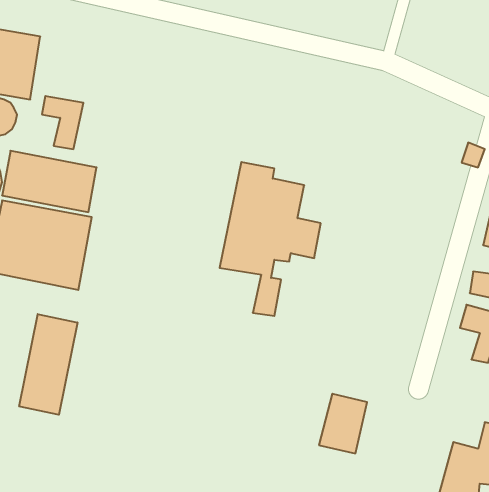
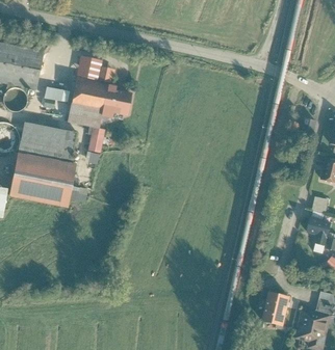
building: [220,162,321,316] -> [67,55,130,152]
building: [19,314,77,415] -> none
building: [319,394,367,453] -> [261,290,291,327]

